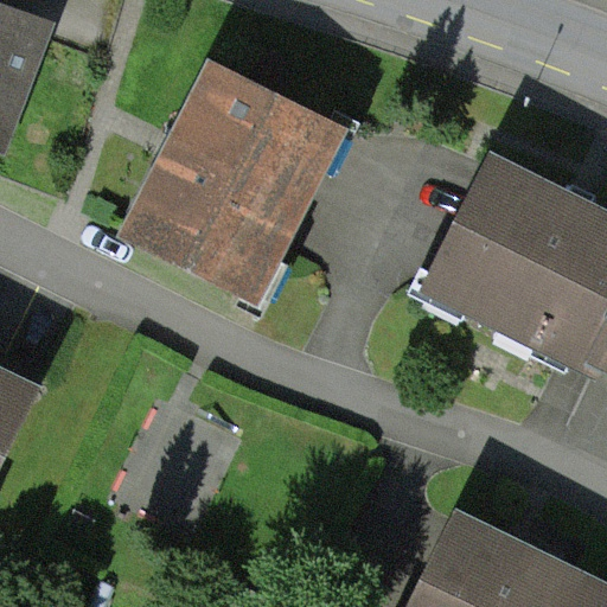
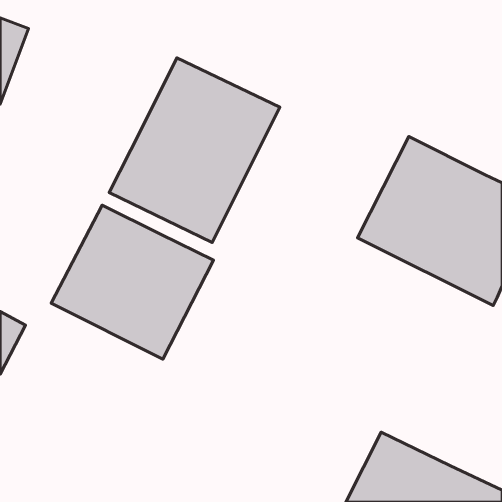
building: none -> [51,205,214,359]

